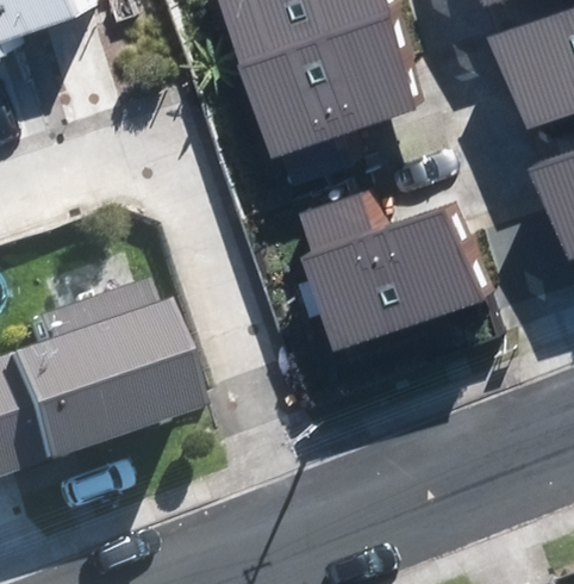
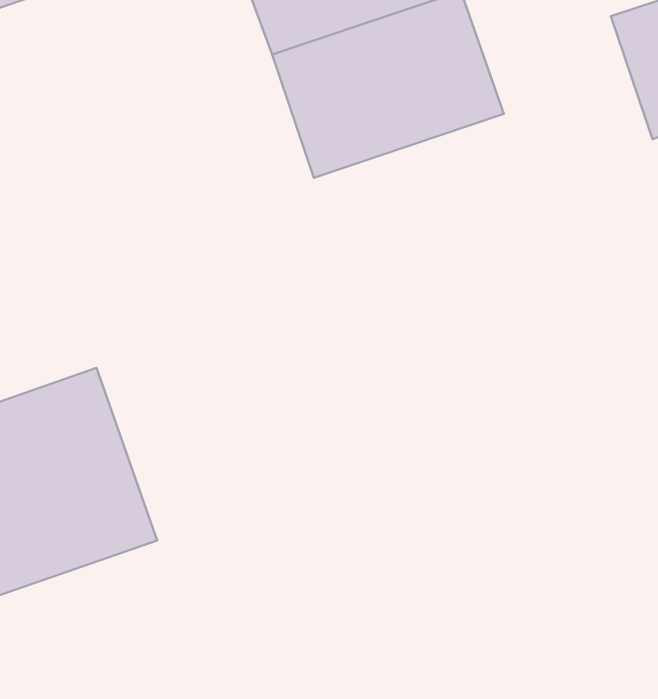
building: [313,201,483,337] -> none

